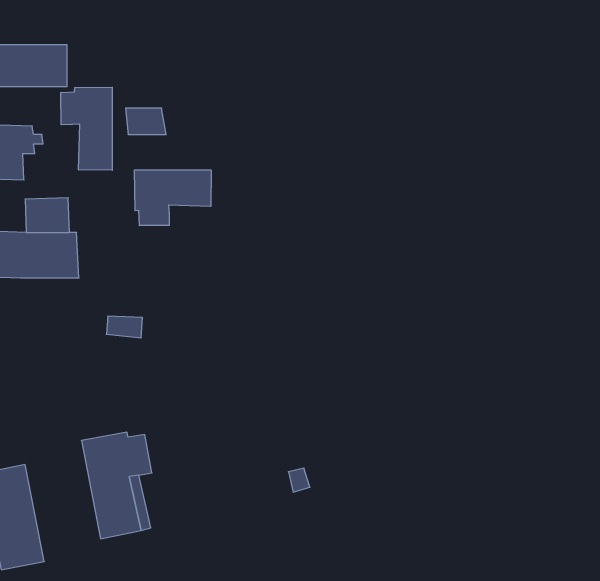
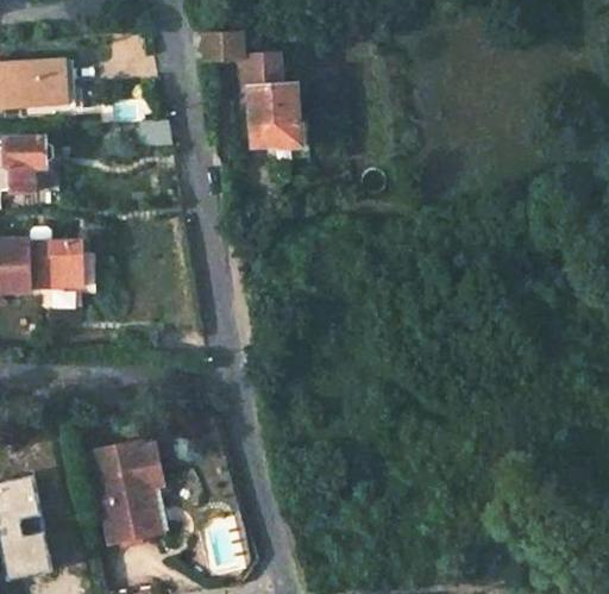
building: none -> [202,31,302,149]
building: [61,87,112,170] -> none
building: [135,170,211,226] -> none

